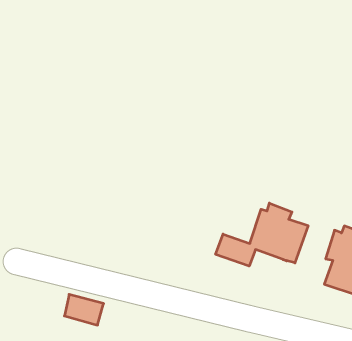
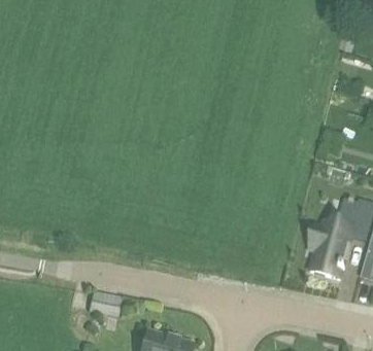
building: [216,203,308,266] -> none

